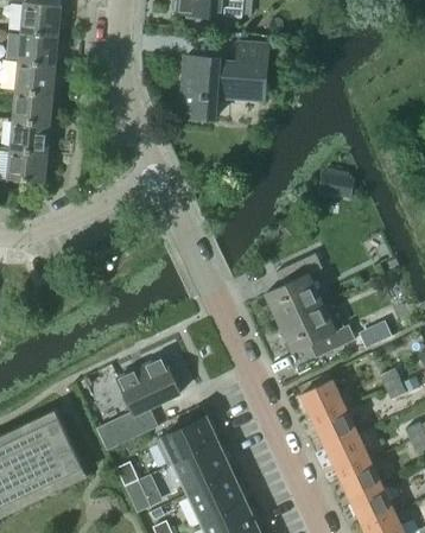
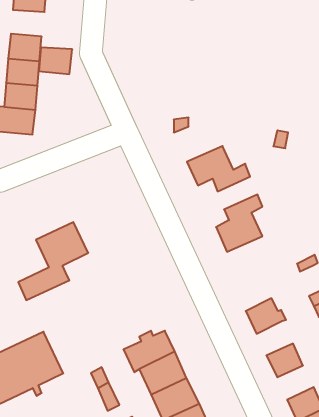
building: [19,32,59,64] -> [39,47,72,74]
building: [182,43,268,119] -> none
building: [279,304,355,358] -> [187,146,250,191]
building: [96,357,180,451] -> [18,222,88,300]
building: [315,406,359,448] -> none
building: [340,459,383,501] -> none

